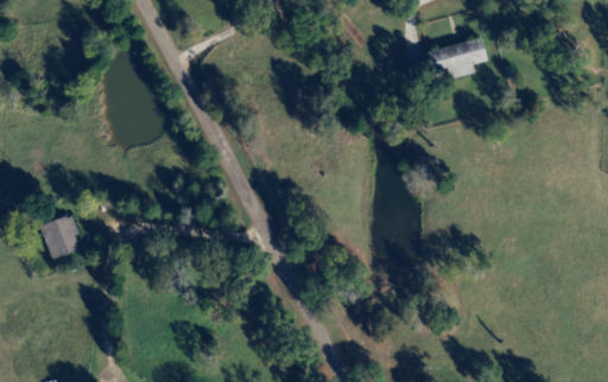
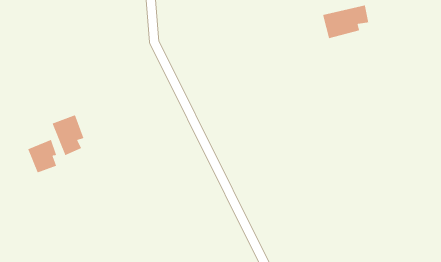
building: none -> [51,114,85,156]

